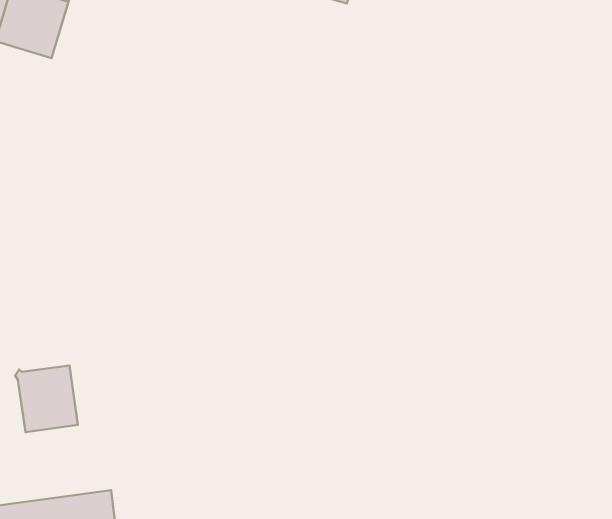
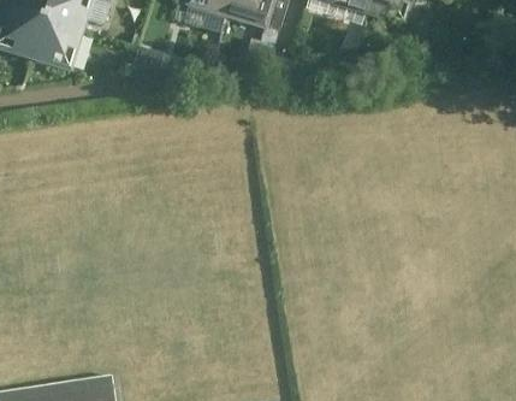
building: [15,365,78,432] -> none

